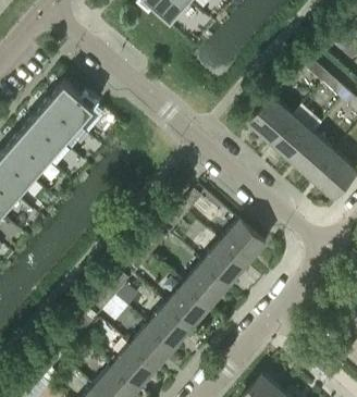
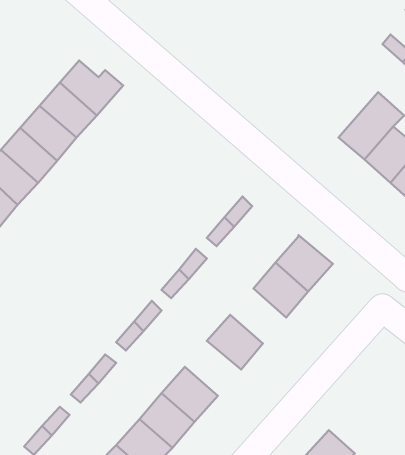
building: [250,97,295,142] -> none
building: [185,262,230,306] -> none
building: [149,303,194,347] -> none

